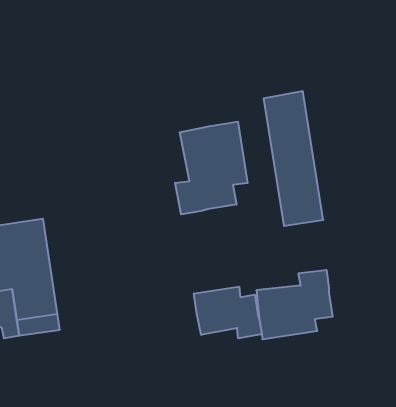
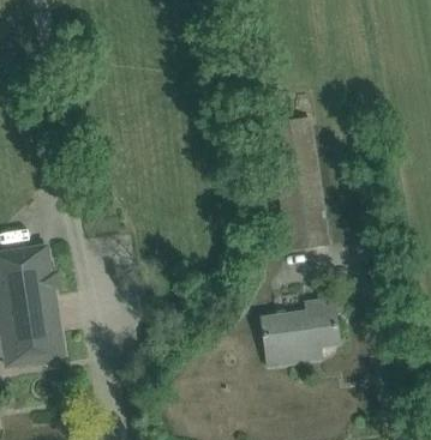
building: [175,122,248,214] -> none
building: [194,287,262,338] -> none

